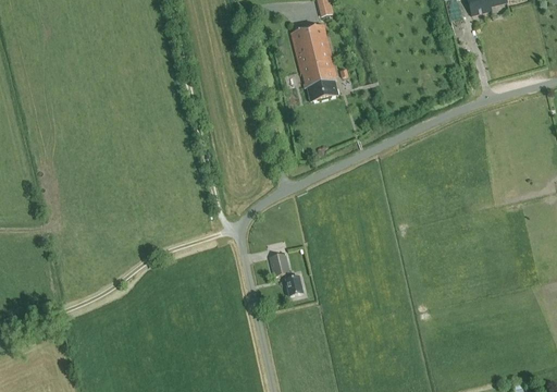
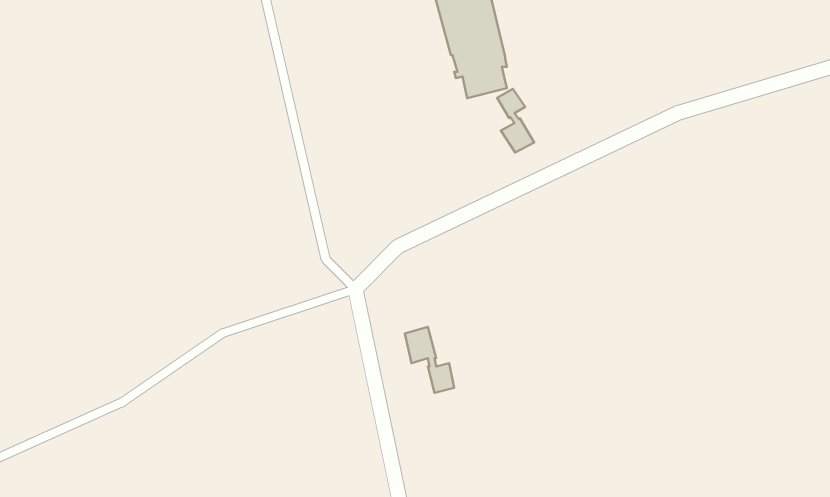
building: none -> [497,89,534,153]

